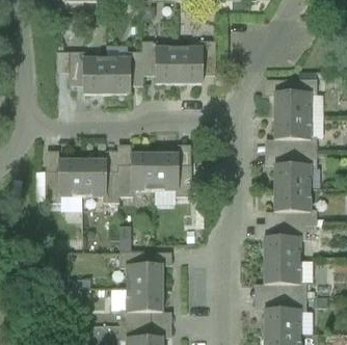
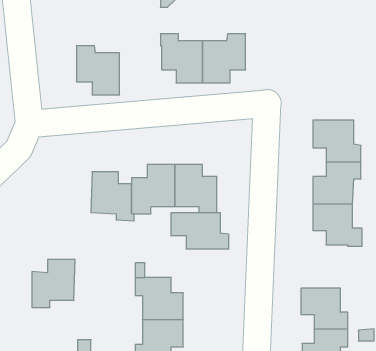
building: [107,50,143,92] -> none
building: [274,78,317,114] -> none
building: [46,159,83,201] -> [32,260,75,308]
building: none -> [171,213,229,249]
building: [264,222,306,260] -> none

